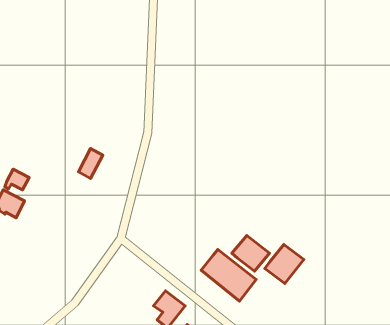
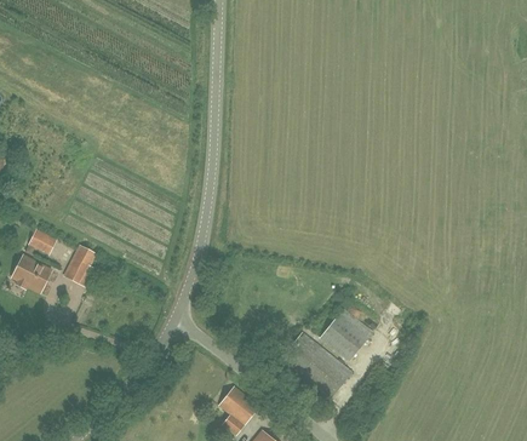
building: [79,148,103,178] -> [64,245,96,284]
building: [265,245,304,284] -> none

